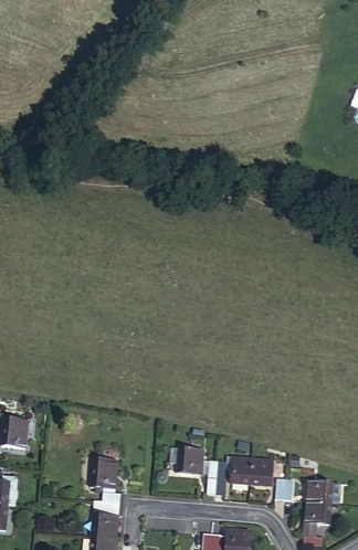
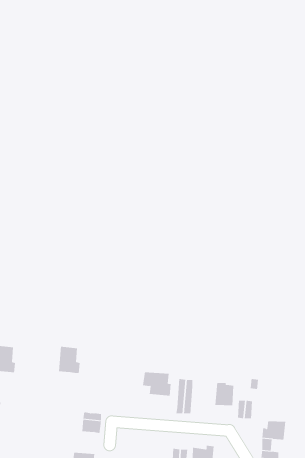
building: [91,457,116,488] -> [58,346,81,374]
building: [231,457,253,484] -> none
building: [307,479,333,503] -> none
building: [92,512,117,539] -> none

